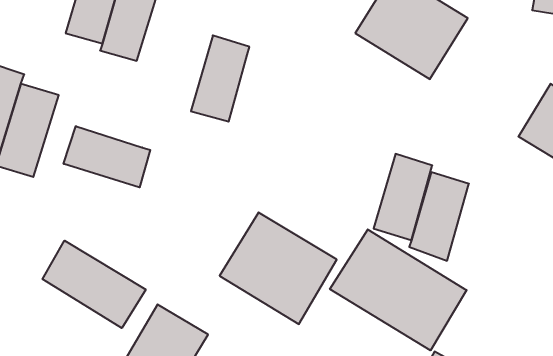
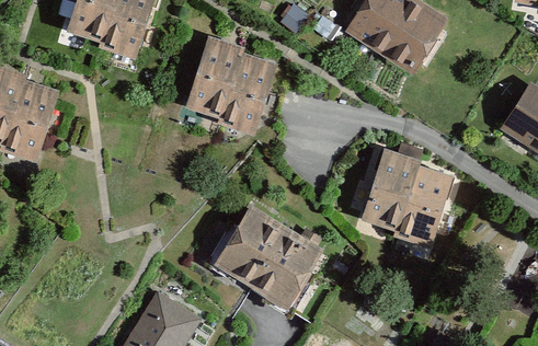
building: none -> [221,54,277,135]
building: [64,126,150,187] -> none
building: [330,229,467,350] -> none
building: [43,241,146,328] -> none

